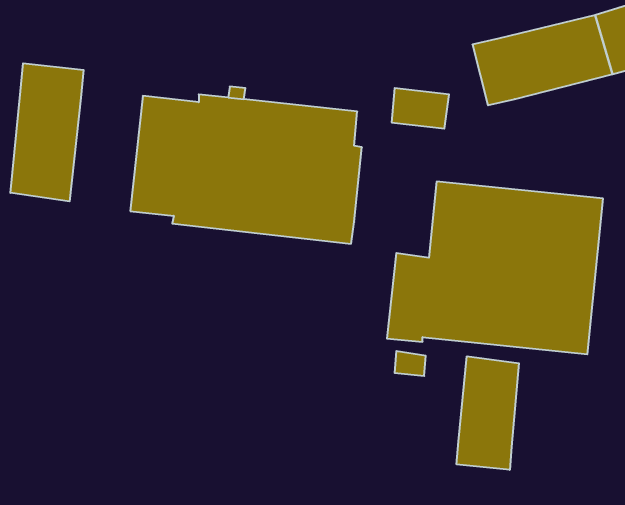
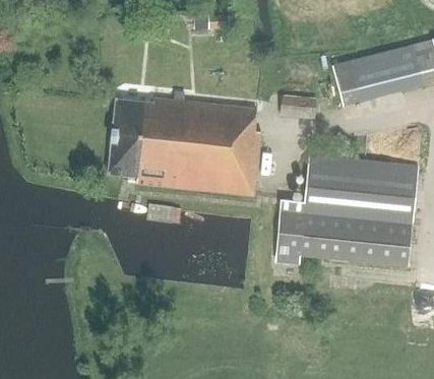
building: [10,63,84,201] -> none
building: [457,356,519,470] -> none

